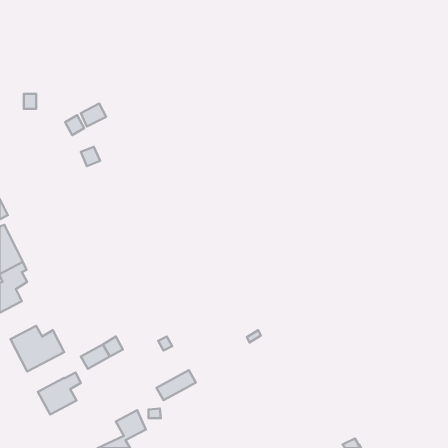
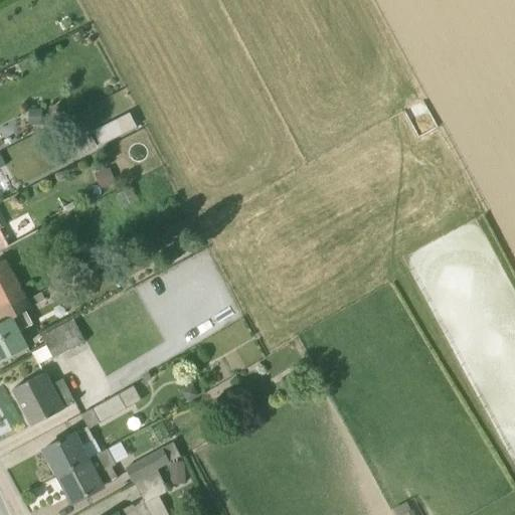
building: none -> [41,320,84,358]
building: [156,370,196,400] -> [125,449,170,483]
building: none -> [57,450,117,502]

